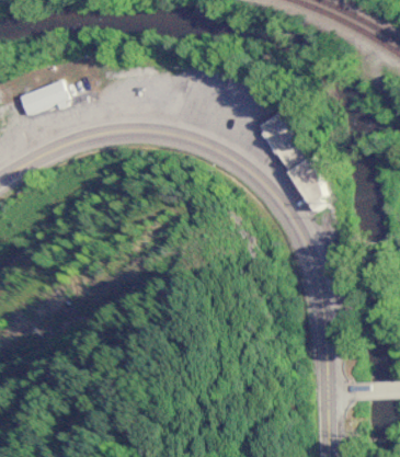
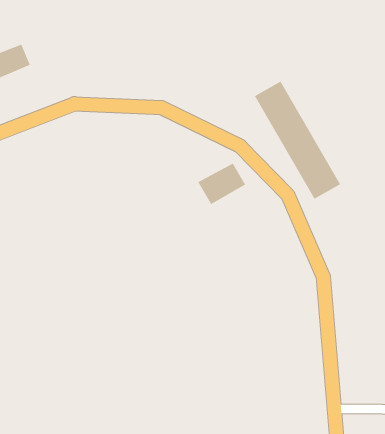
building: none -> [197,162,246,205]

